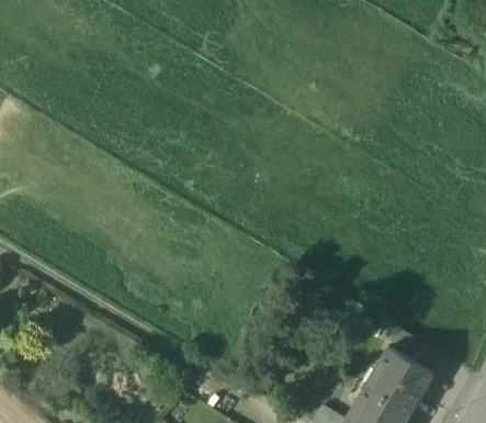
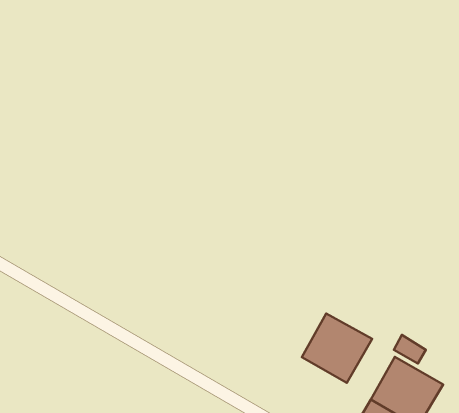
building: none -> [302,313,372,383]

